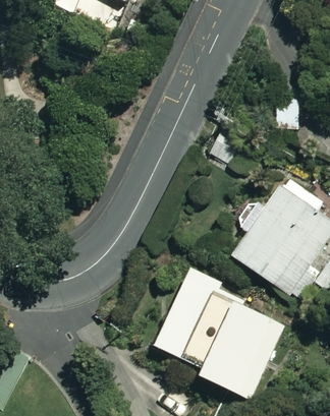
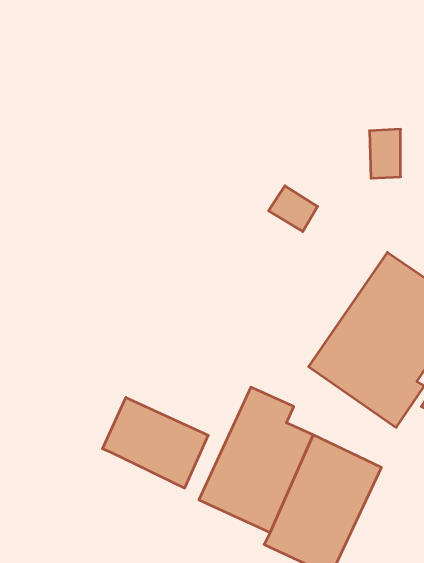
building: none -> [102,397,208,488]

